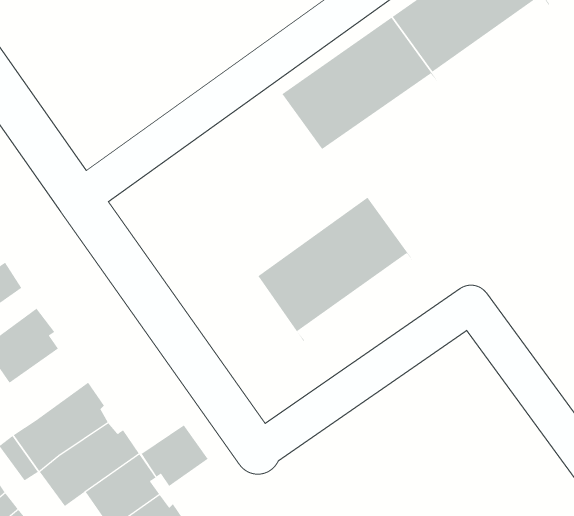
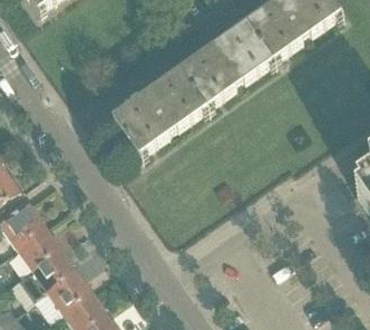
building: [257,197,416,342] -> [110,69,206,157]
building: none -> [12,223,60,266]
building: [141,424,208,487] -> none

